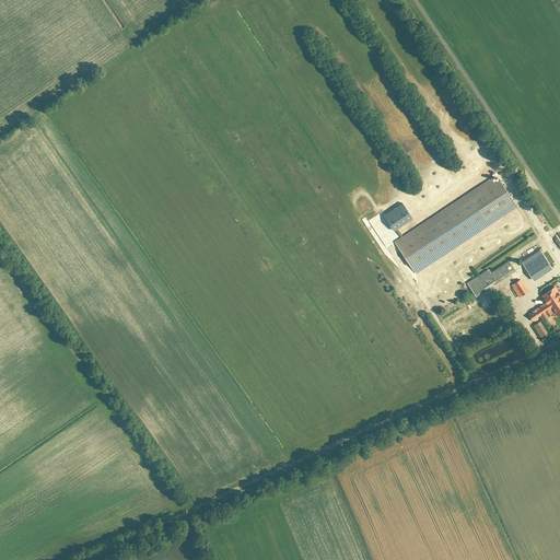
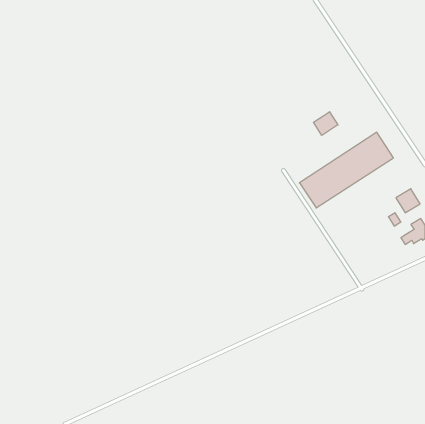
building: none -> [313,112,338,135]
building: [476,260,514,290] -> none

